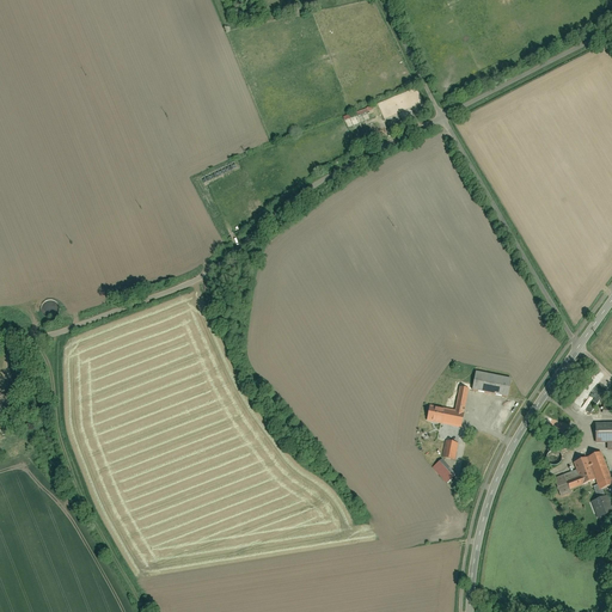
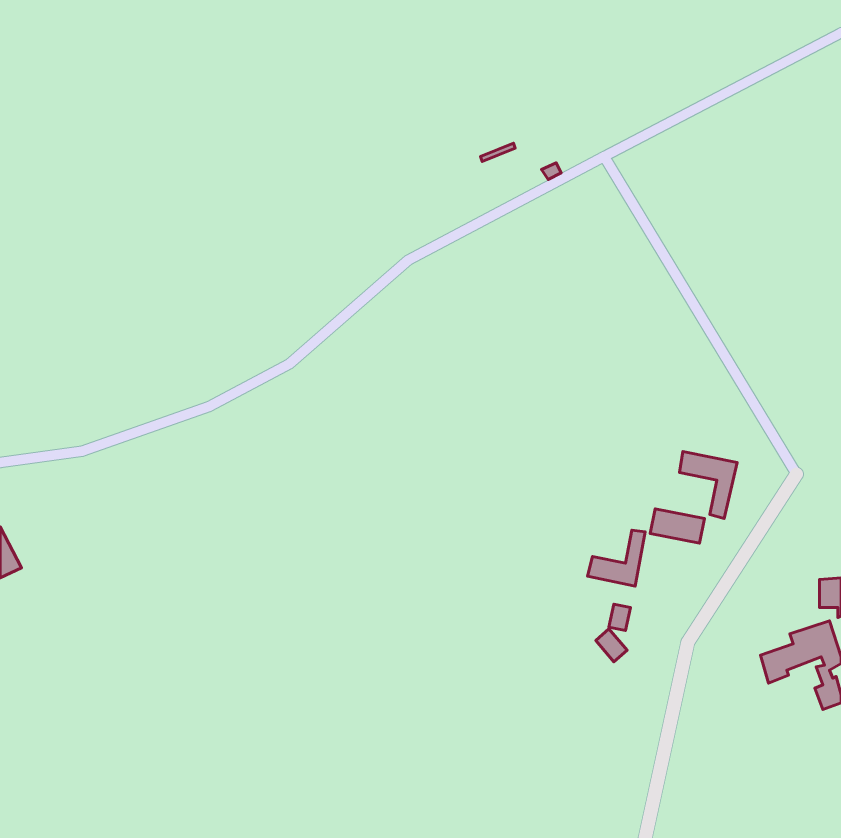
building: none -> [679,451,737,518]

